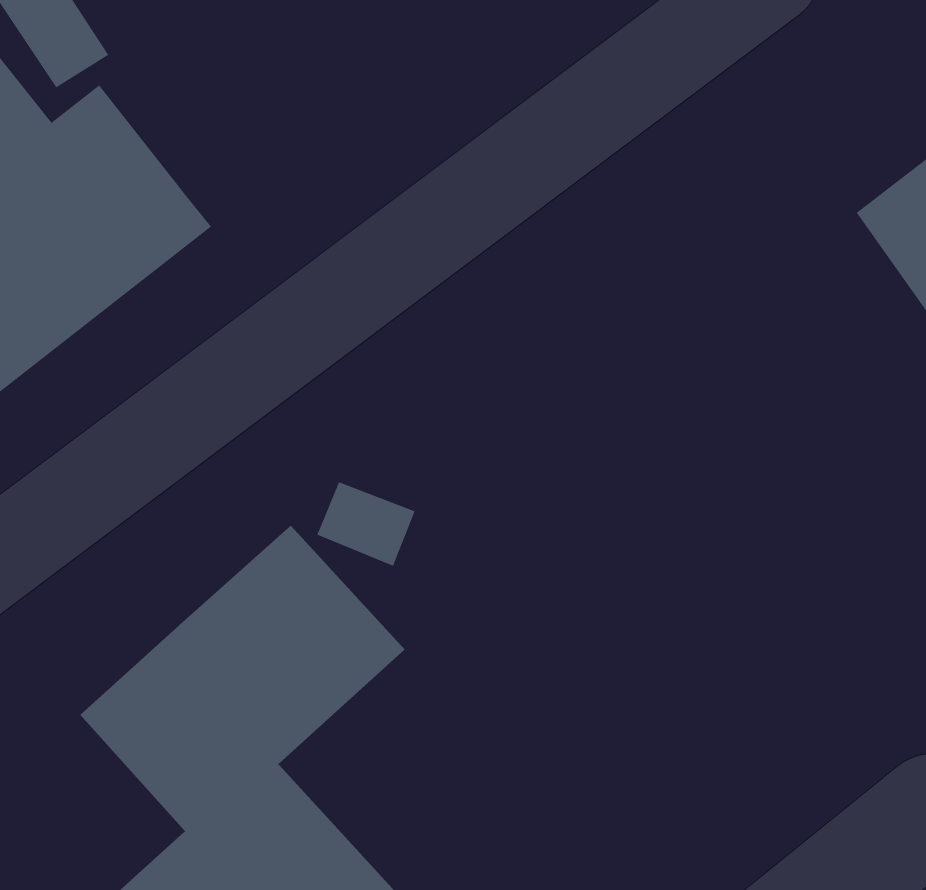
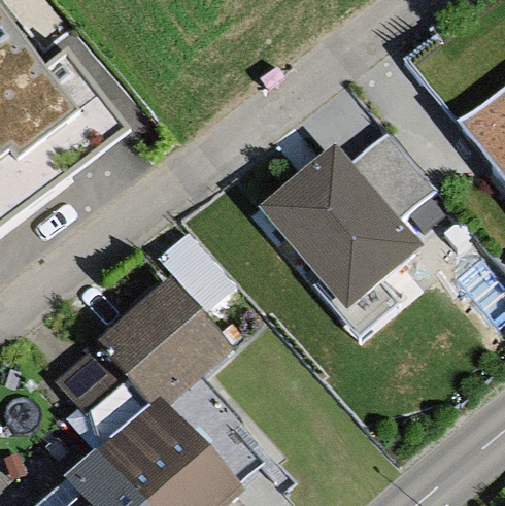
building: none -> [260,133,435,312]

